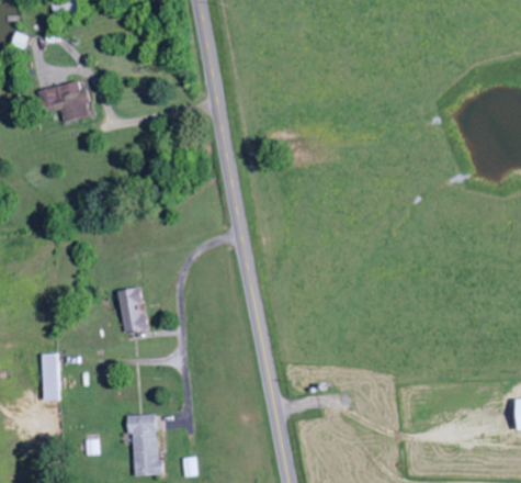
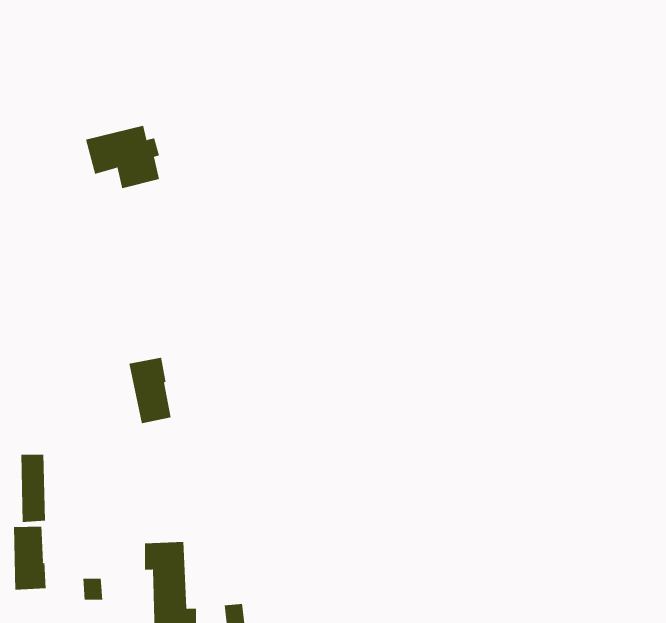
building: [37,81,89,125] -> [85,125,160,189]
building: none -> [13,526,46,590]

